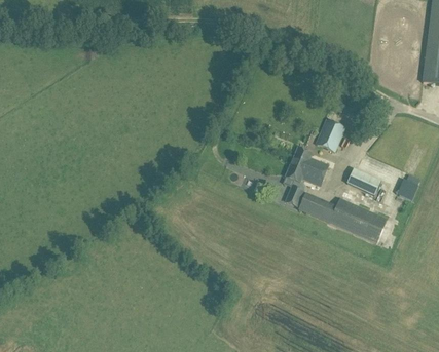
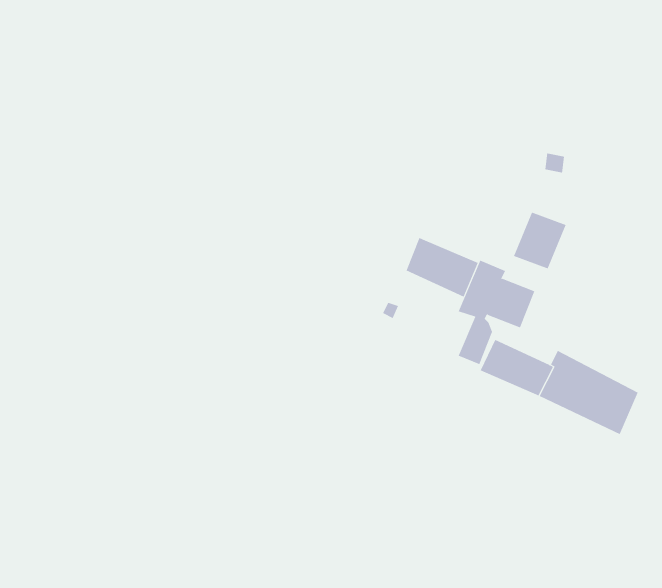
building: none -> [406,237,479,297]
building: [347,169,380,196] -> none

